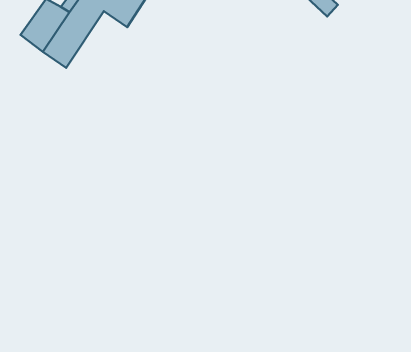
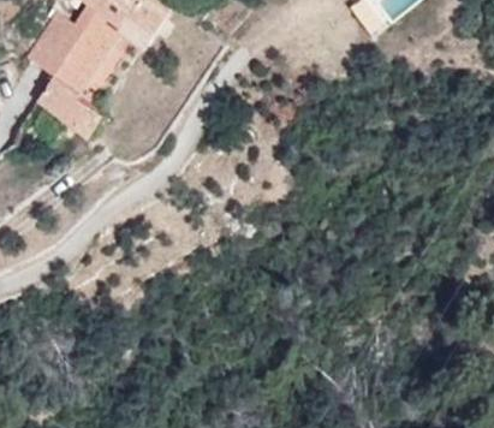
building: none -> [36,76,102,136]

